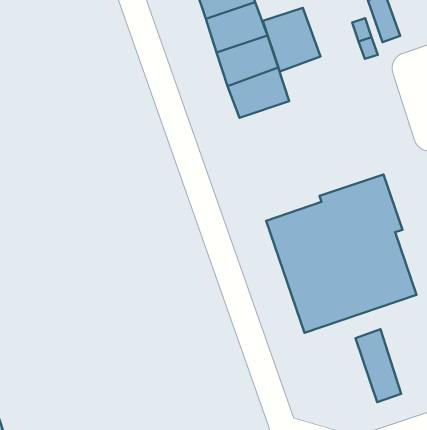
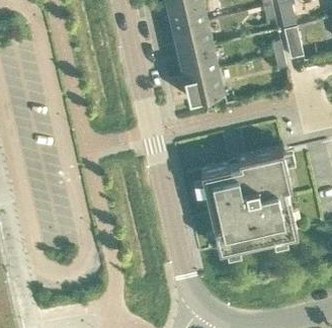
building: [263,8,320,72] -> none
building: [355,329,401,402] -> none

